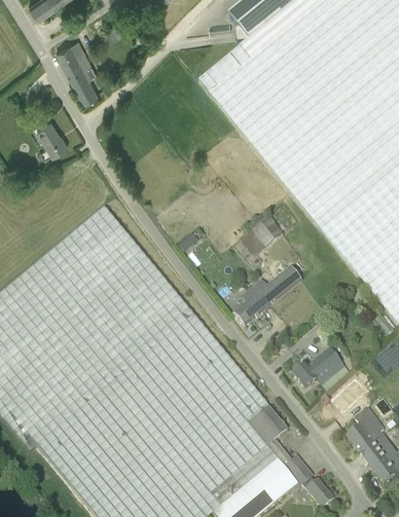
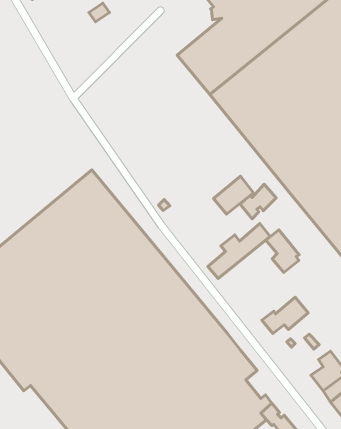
building: [56,38,97,101] -> none
building: [37,118,67,152] -> none
building: none -> [240,184,276,219]
building: none -> [266,230,299,272]

